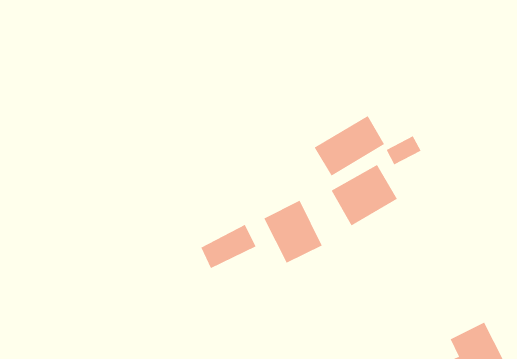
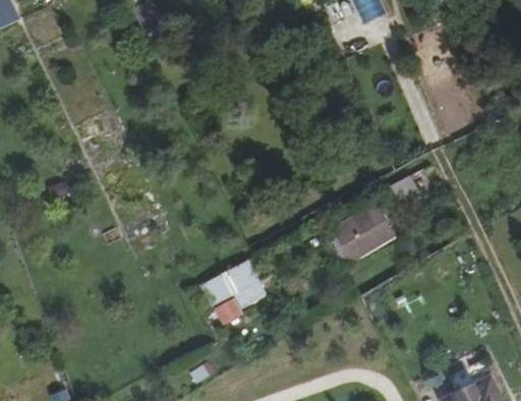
building: [314,115,385,177] -> none
building: [264,200,322,264] -> none

